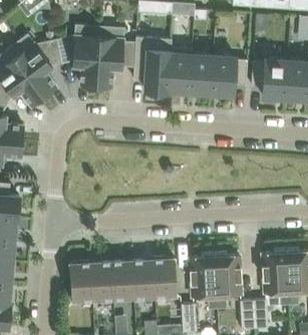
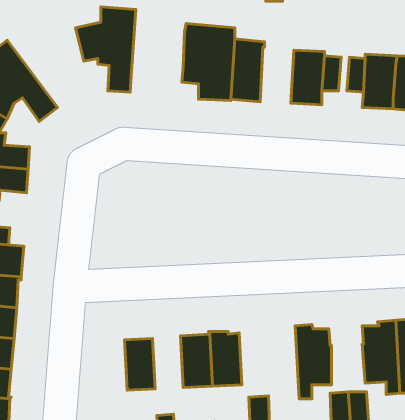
building: [95,27,134,87] -> none
building: [7,34,62,97] -> none
building: [189,54,213,94] -> none
building: [190,254,217,307] -> none
building: [111,261,133,299] -> none
building: [69,262,93,302] -> none

